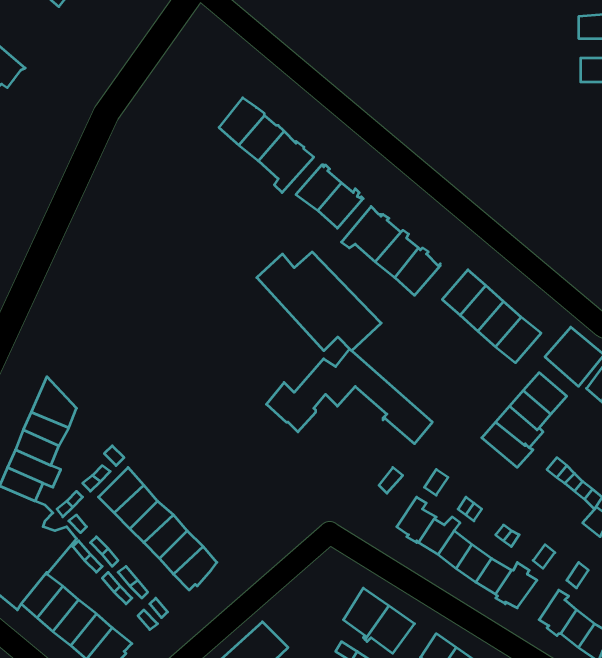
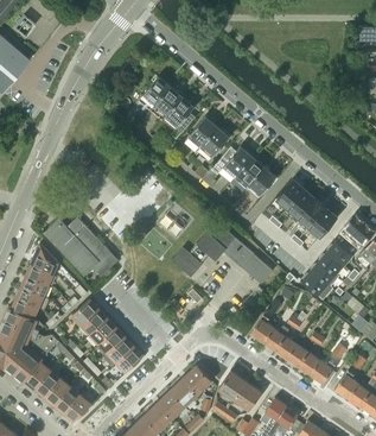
building: [257,252,381,351] -> [44,219,119,278]
building: none -> [170,366,211,407]

